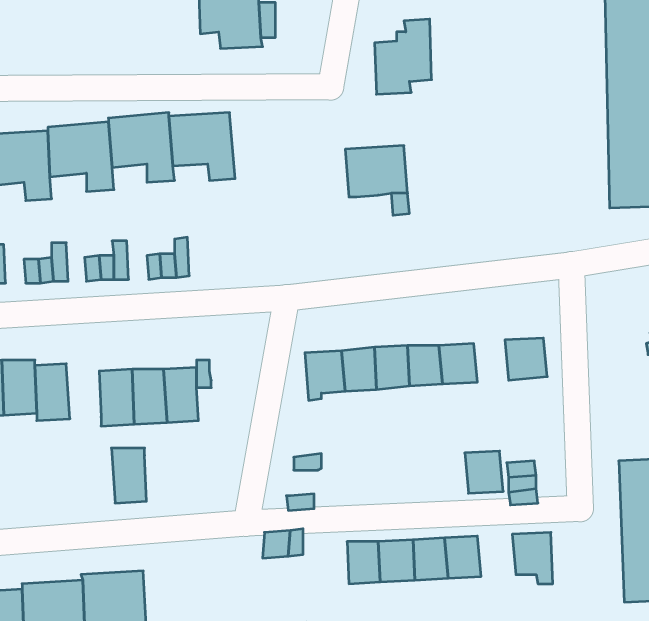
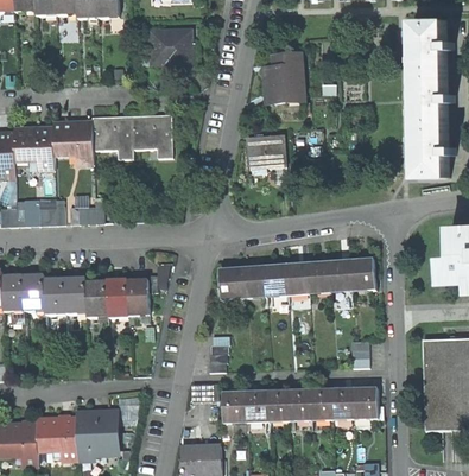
building: none -> [327,261,349,288]
building: [111,448,146,503] -> [63,277,85,312]
building: [465,451,503,493] -> [329,387,354,414]
building: none -> [221,392,246,424]

